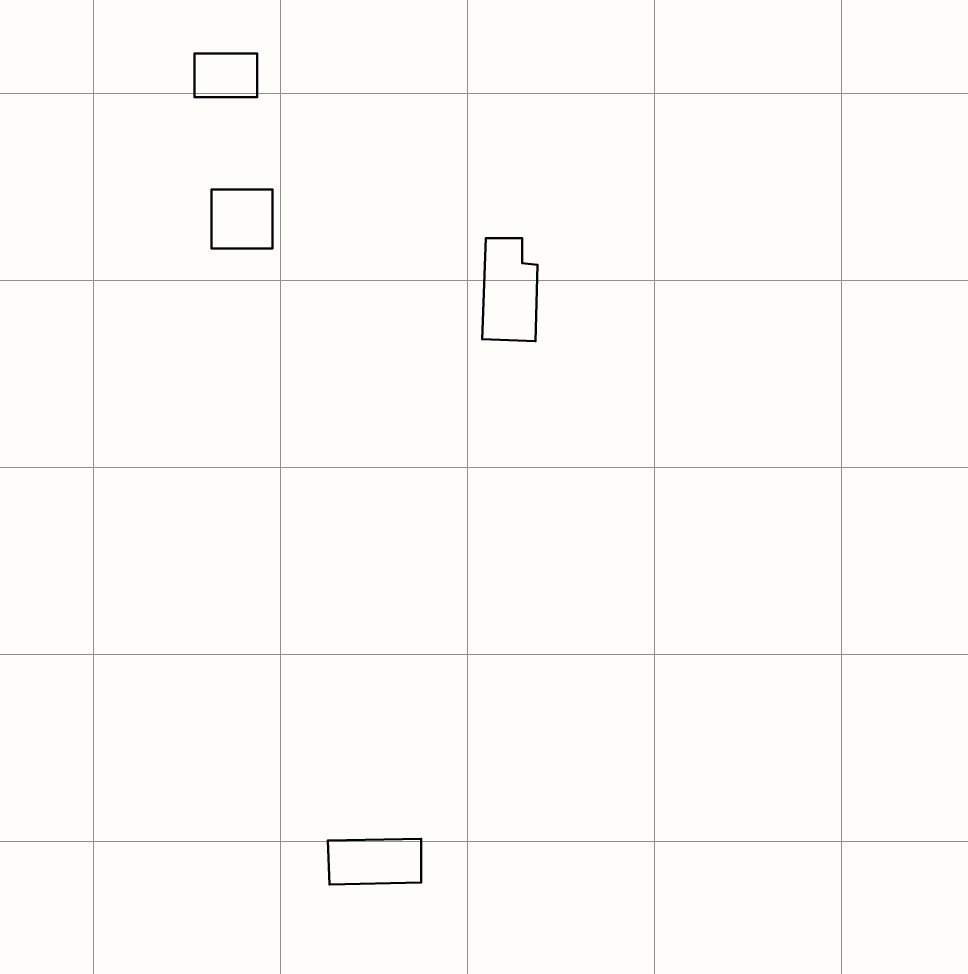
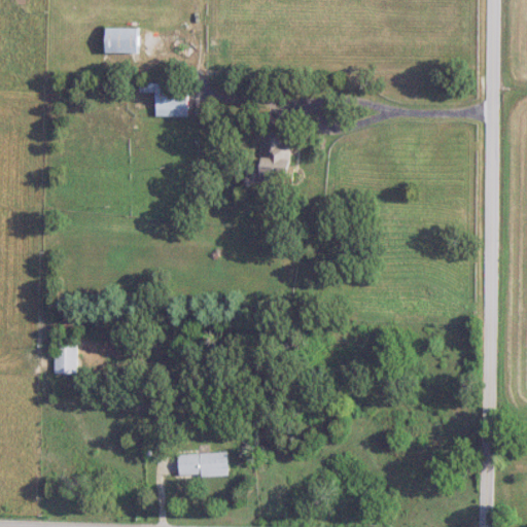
building: [211,189,272,248] -> [154,83,187,115]
building: none -> [54,341,76,373]

